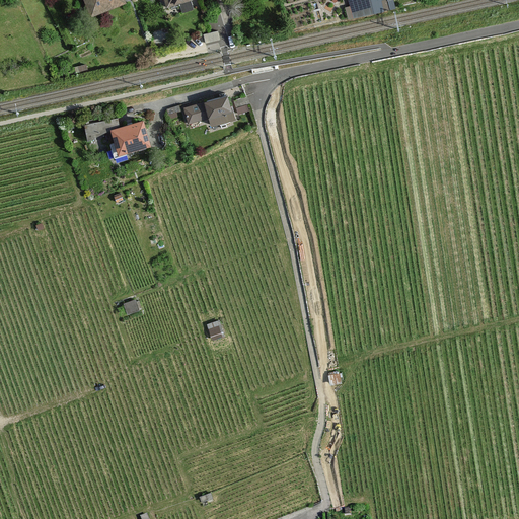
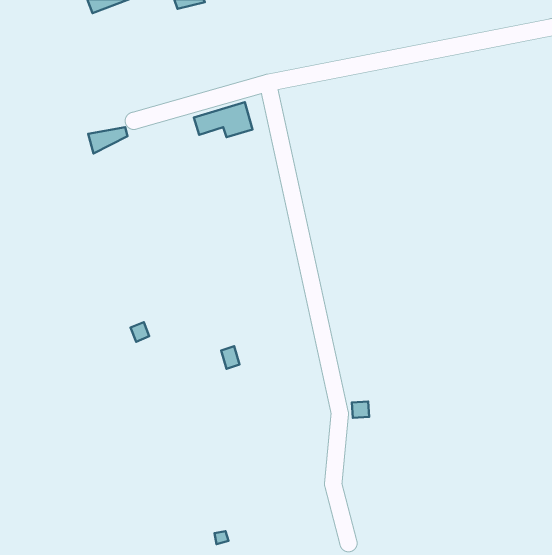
building: [112,123,152,157] -> none

